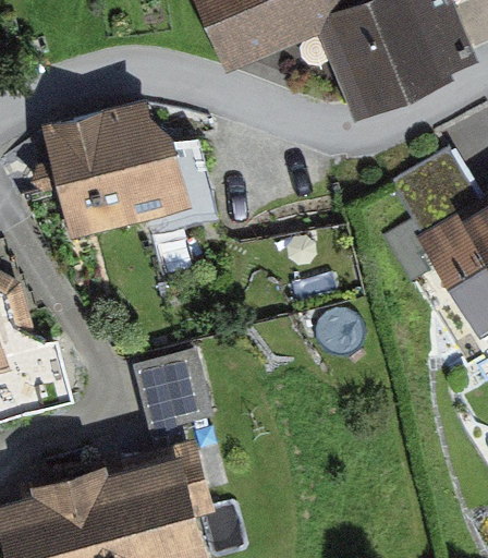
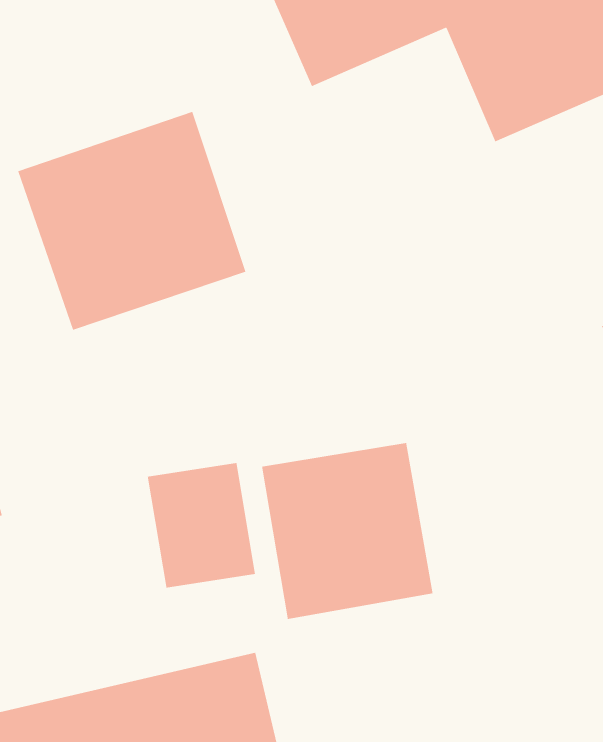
building: none -> [261,442,433,620]

